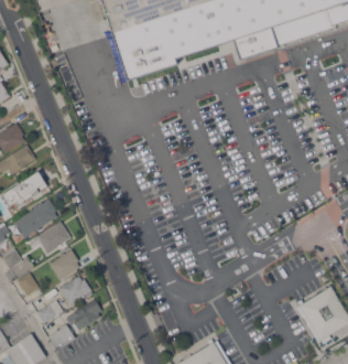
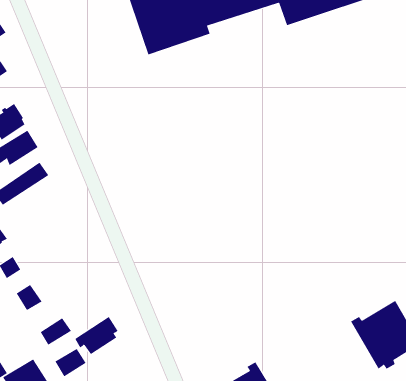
building: [15,200,58,237] -> none
building: [39,222,70,251] -> none
building: [50,249,80,280] -> none
building: [59,276,91,304] -> none

